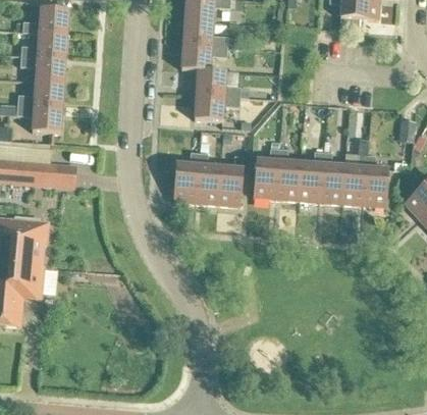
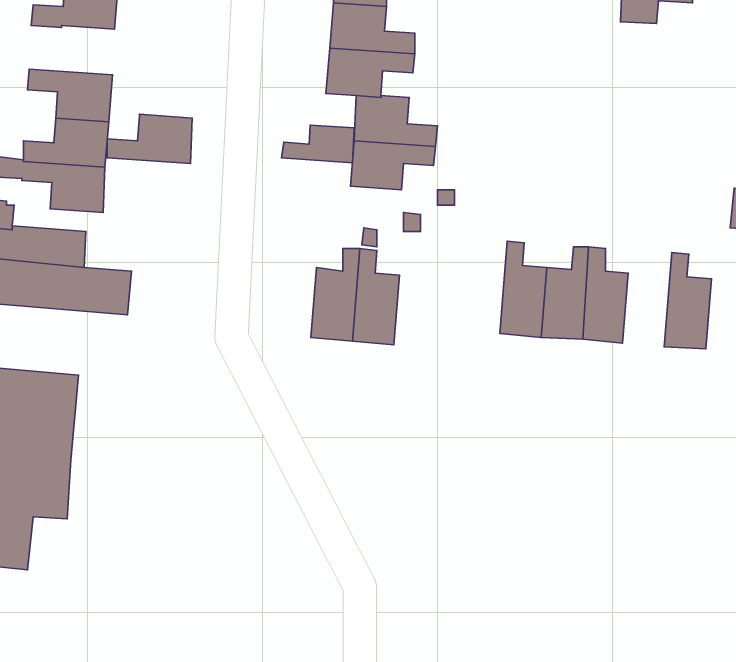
building: [20,33,66,59] -> [107,114,192,163]
building: none -> [282,125,354,163]
building: [340,141,368,206] -> none
building: [253,149,278,199] -> none
building: [217,156,243,207] -> none

